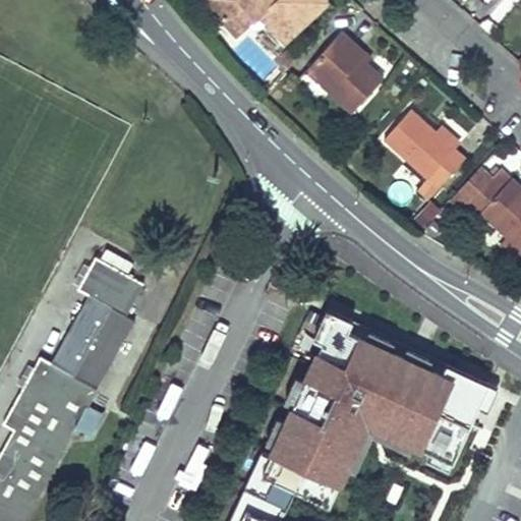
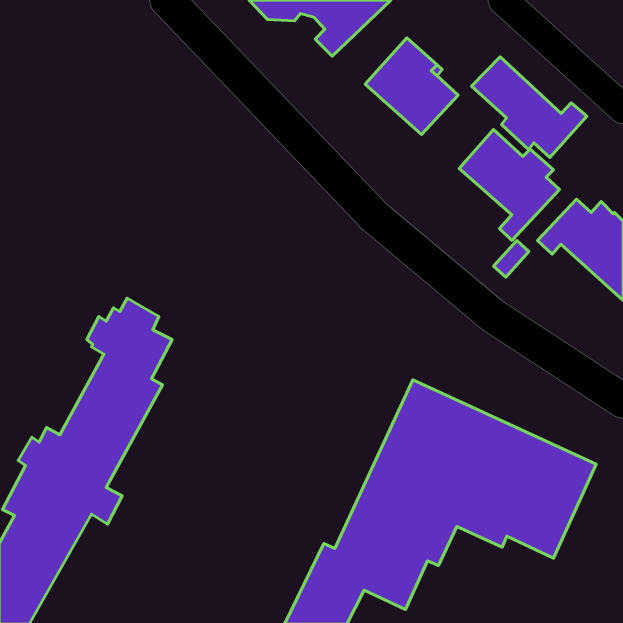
building: none -> [471,57,587,158]

